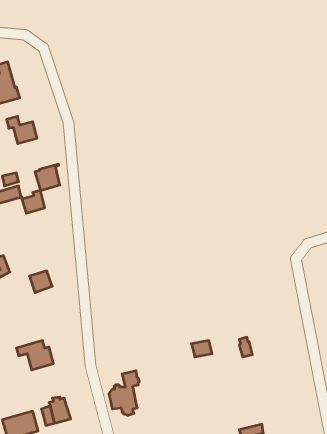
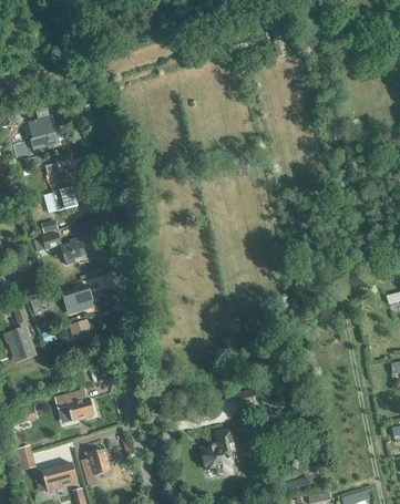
building: [35,164,60,190] -> [51,184,76,210]
building: none -> [62,285,92,312]
building: [109,371,139,415] -> [202,429,233,474]

